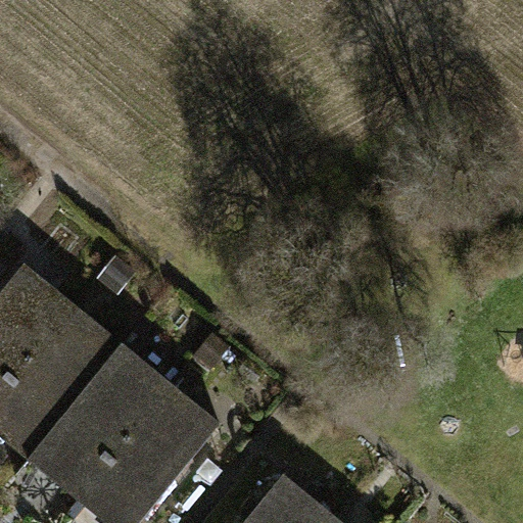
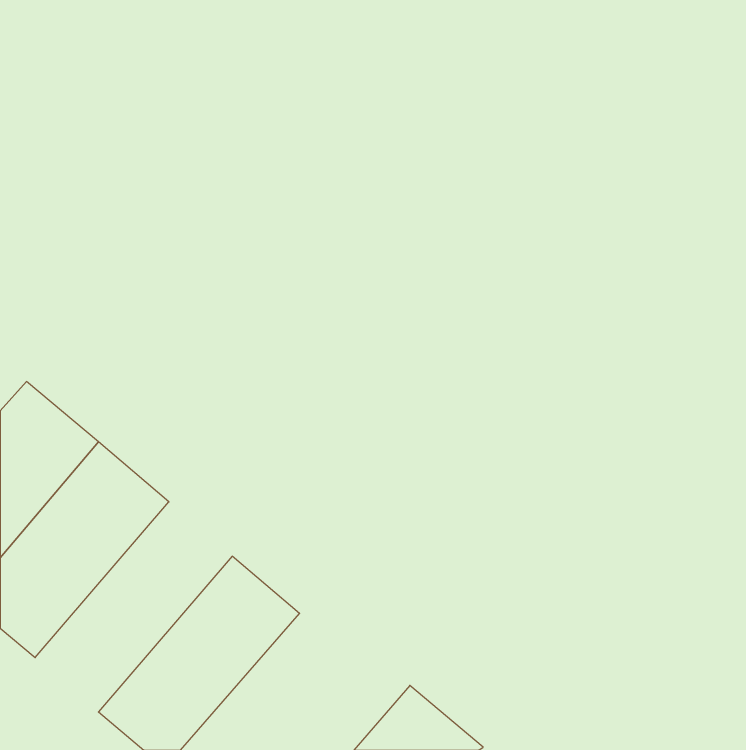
building: [28,349,164,495] -> none

